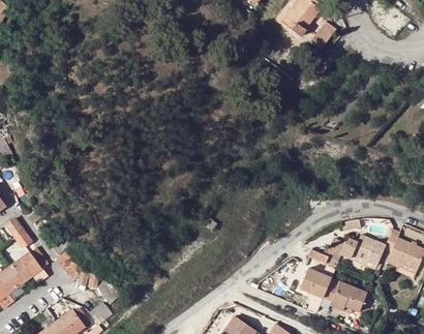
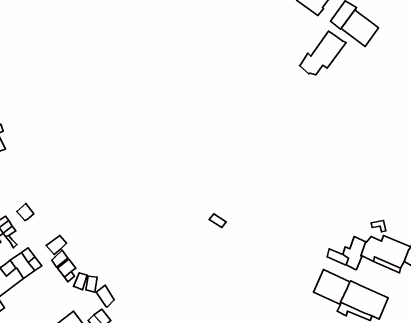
building: none -> [341,9,378,47]
building: none -> [299,31,346,75]

